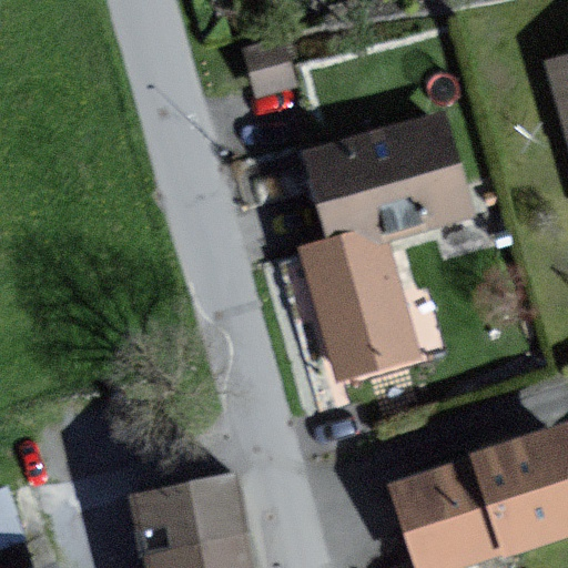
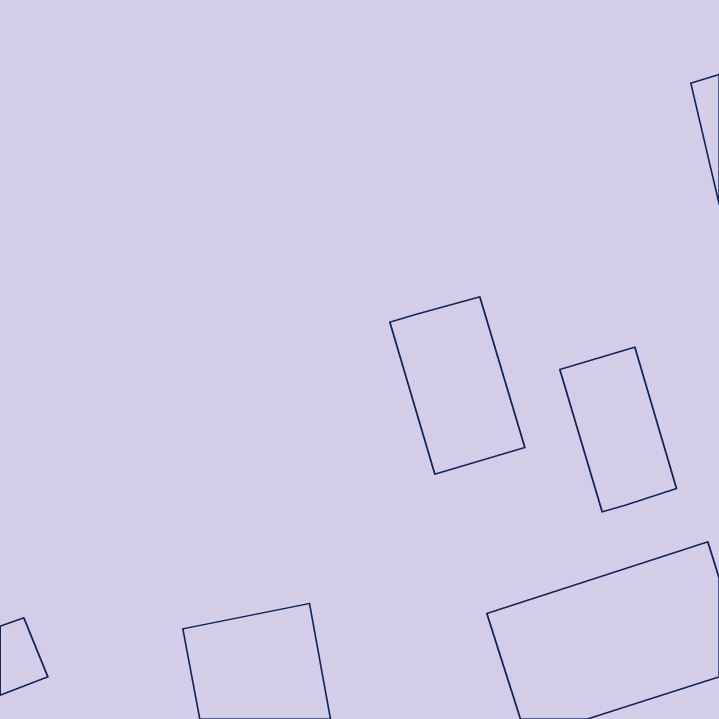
building: [303,118,467,247] -> none
building: none -> [560,347,676,512]

